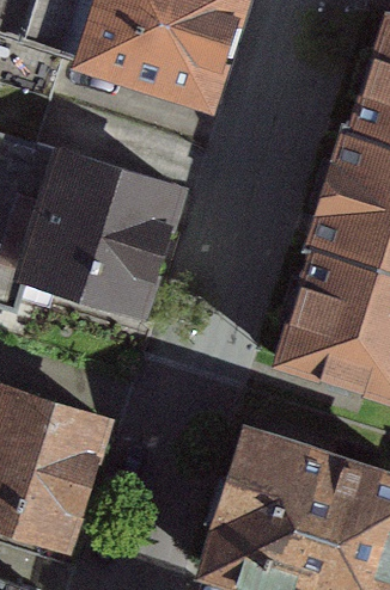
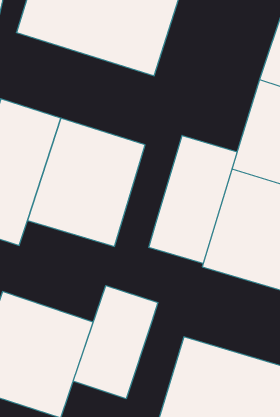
building: none -> [149,135,237,263]
building: none -> [73,286,158,399]

